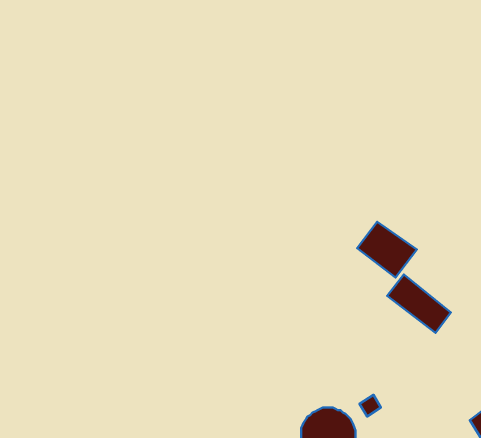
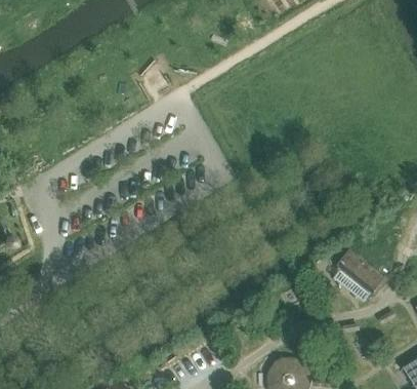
building: [357,222,417,277] -> none

